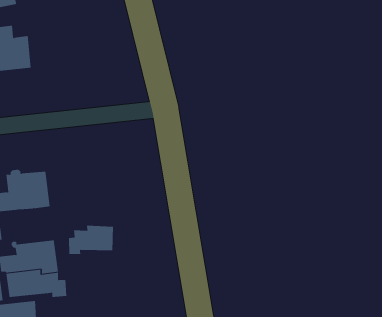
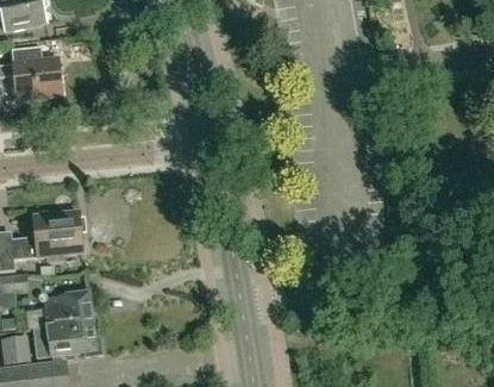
building: [69,225,114,255] -> none

